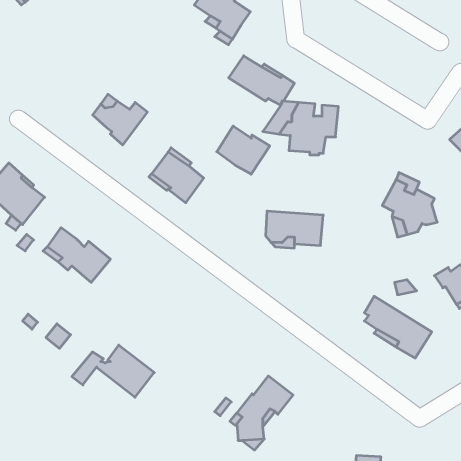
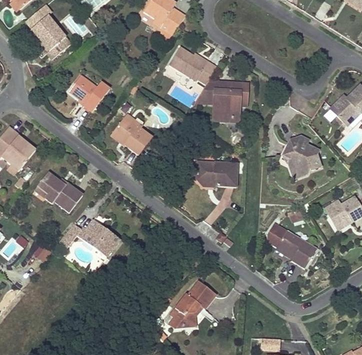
building: none -> [28,16,70,59]
building: [217,126,270,174] -> none
building: [72,345,154,397] -> [58,219,118,257]

